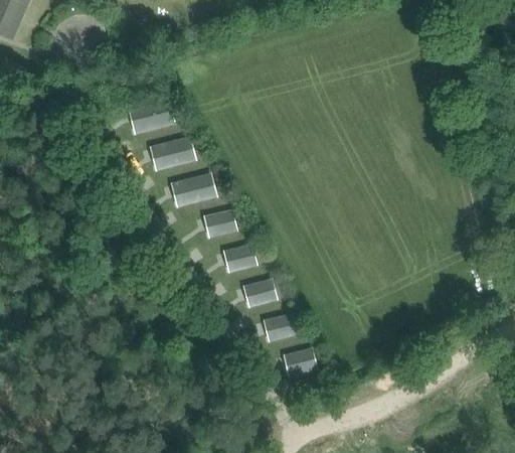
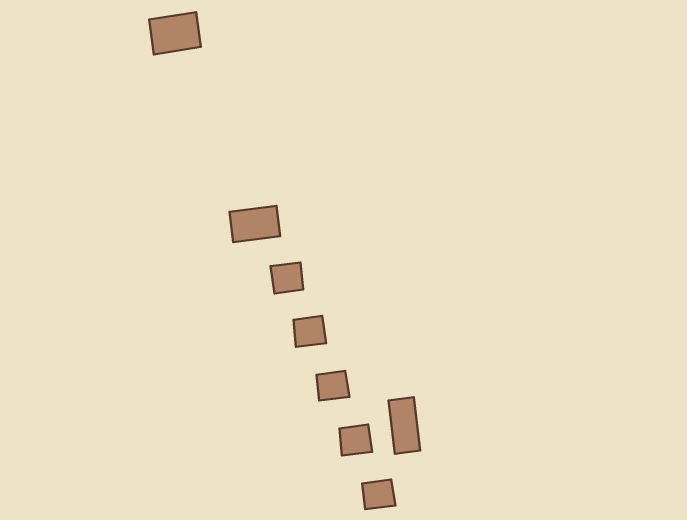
building: [133,99,170,131] -> [149,12,201,54]
building: [155,139,191,167] -> none
building: none -> [388,397,420,454]

